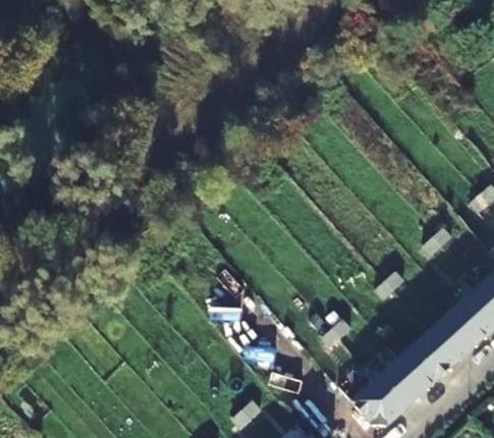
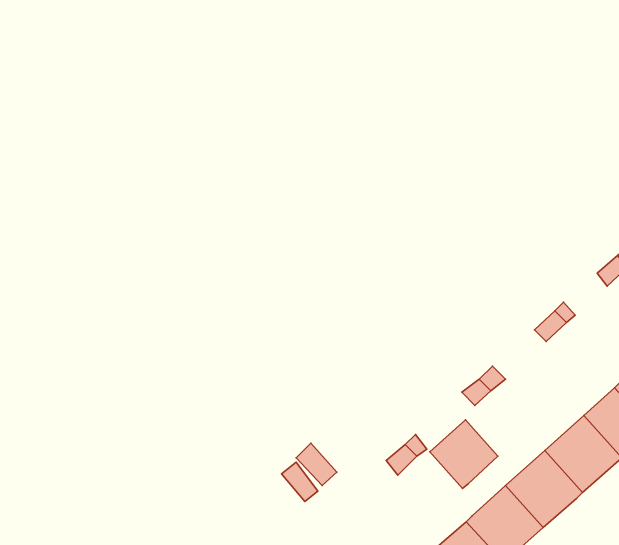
building: none -> [430,420,498,488]

